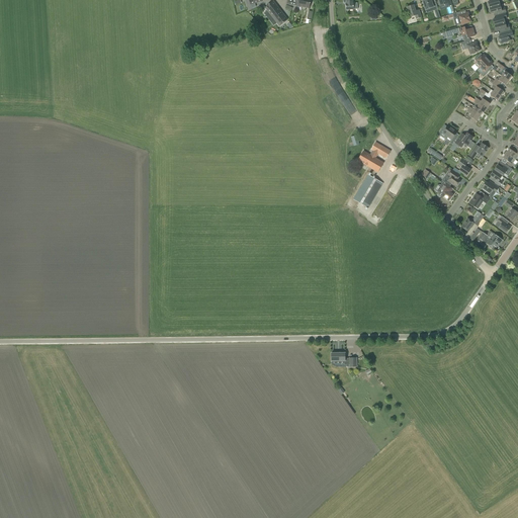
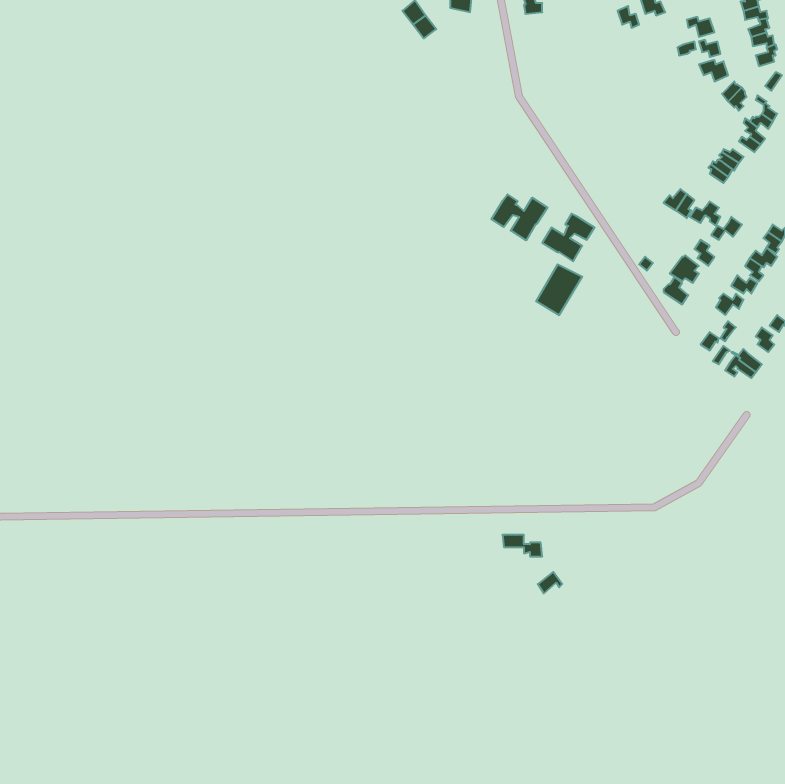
building: none -> [491,194,547,240]

